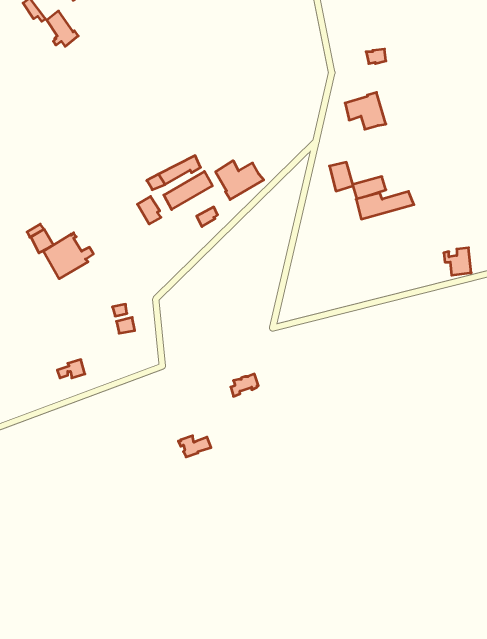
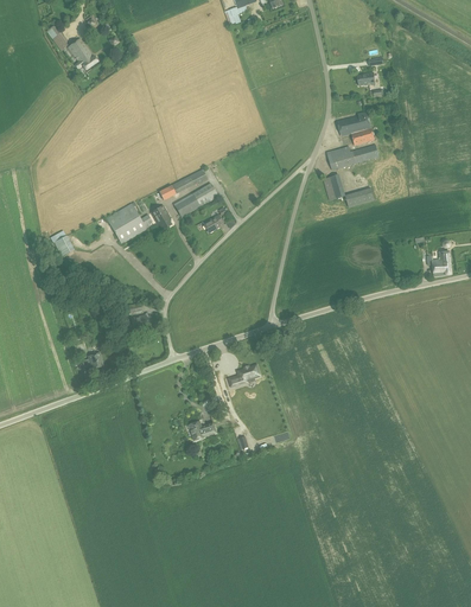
building: [216,161,264,200] -> none
building: [356,191,414,219] -> [326,145,378,170]
building: [43,233,93,279] -> [106,202,151,243]

